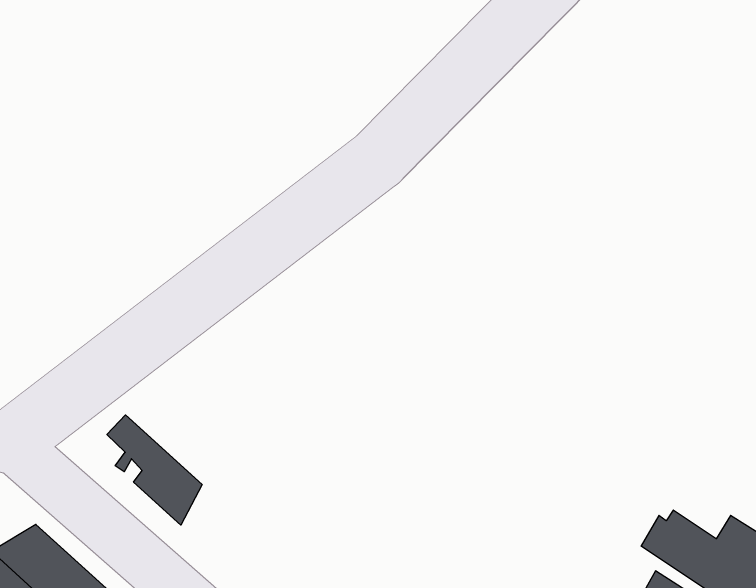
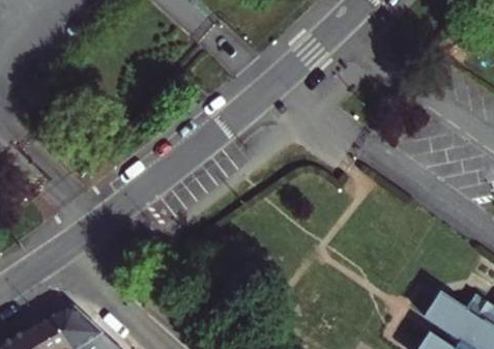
building: [107,415,202,525] -> none

